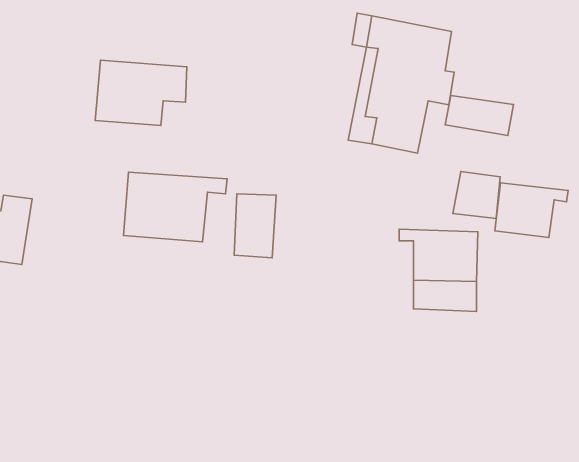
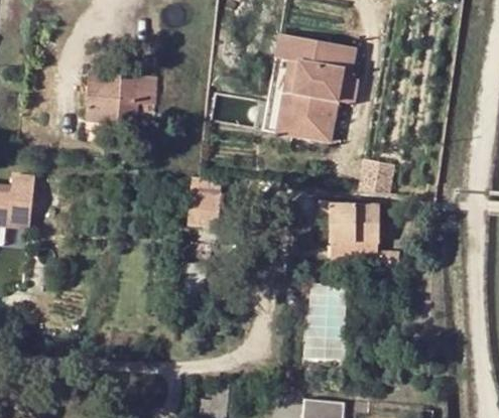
building: [445,96,514,135] -> none
building: [124,172,227,242] -> none
building: [495,183,568,238] -> none

